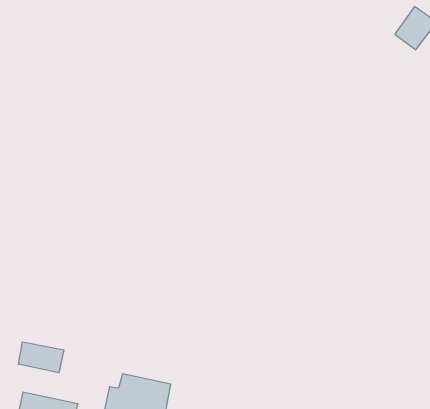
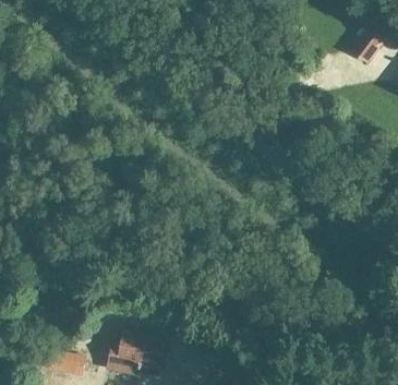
building: [19,342,64,373] -> none

